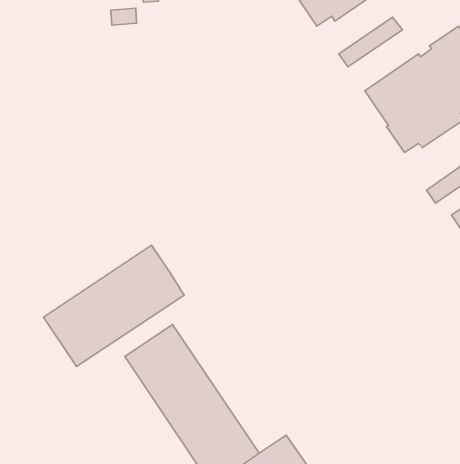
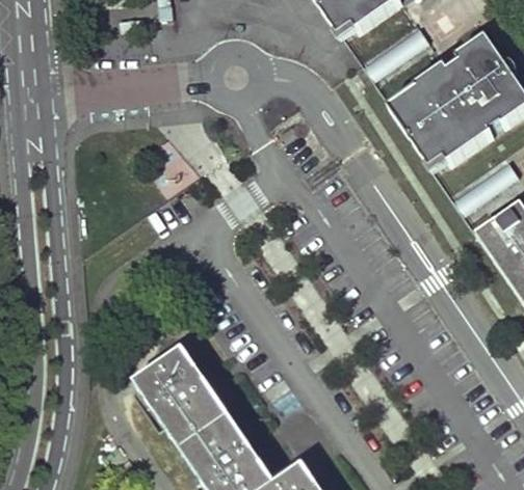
building: [44,245,184,366] -> none

